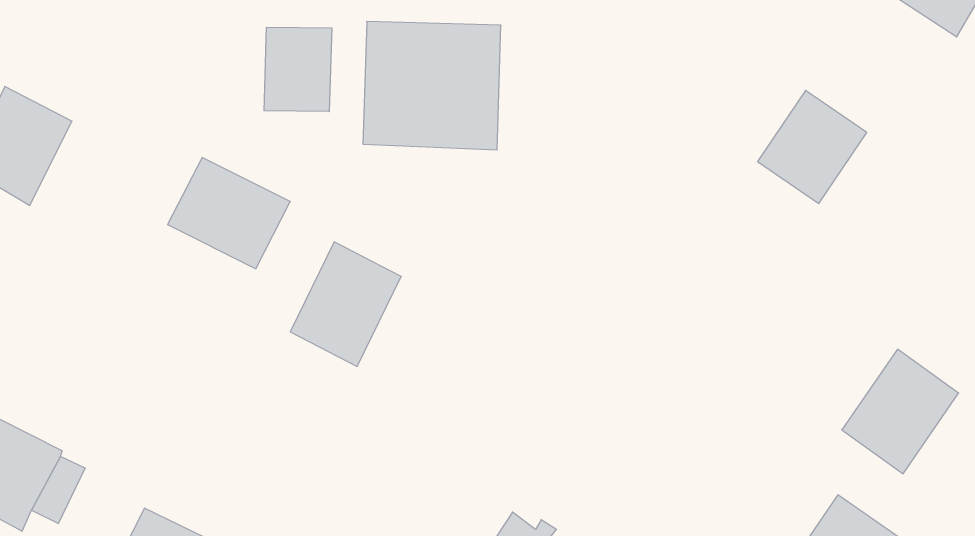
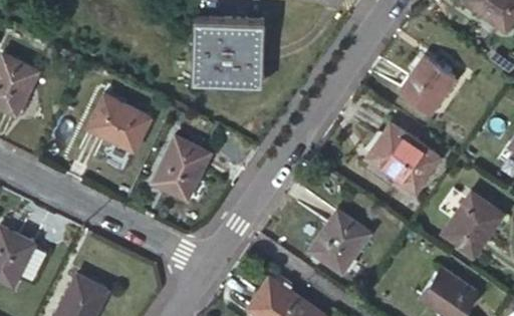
building: [264,27,332,112] -> none
building: none -> [365,123,440,194]
building: none -> [309,210,370,273]

